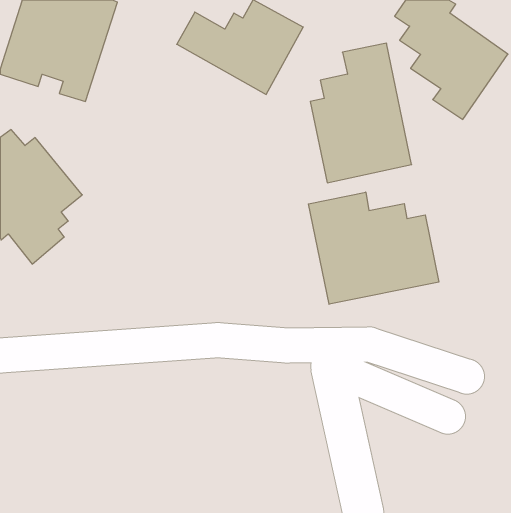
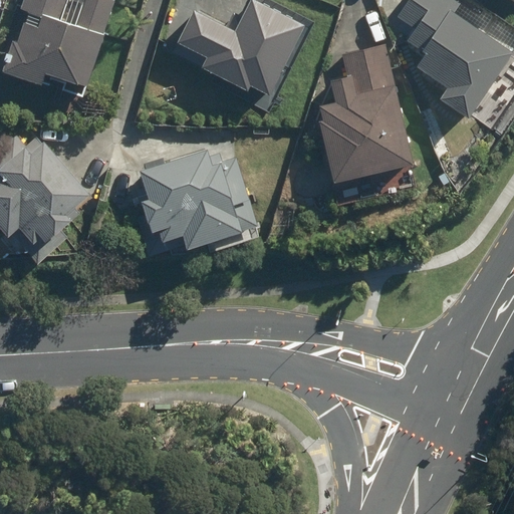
building: none -> [123,150,251,255]
building: [308,192,439,304] -> none

